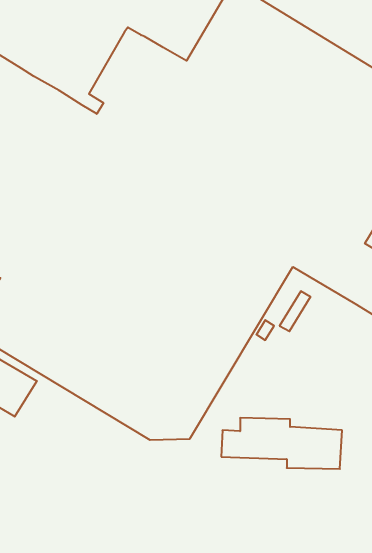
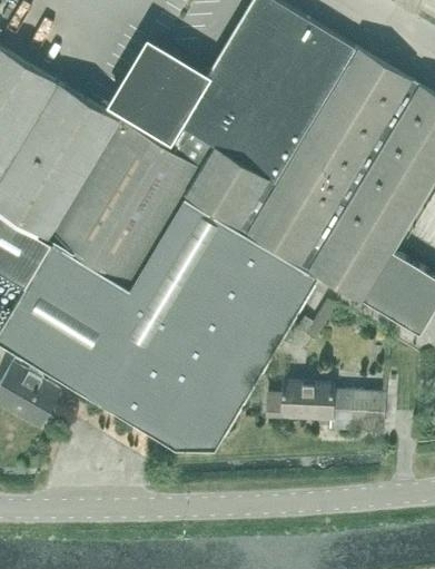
building: [221,418,342,469] -> [264,380,385,431]

